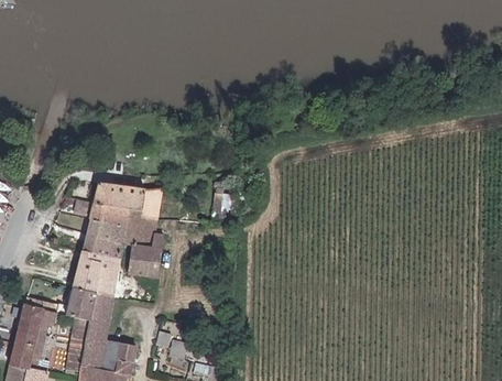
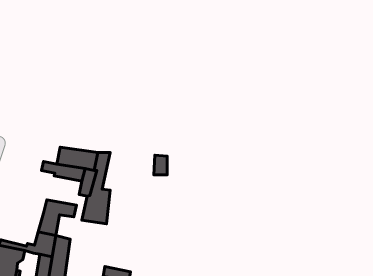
building: [83,218,126,254] -> none
building: [94,266,116,296] -> none

